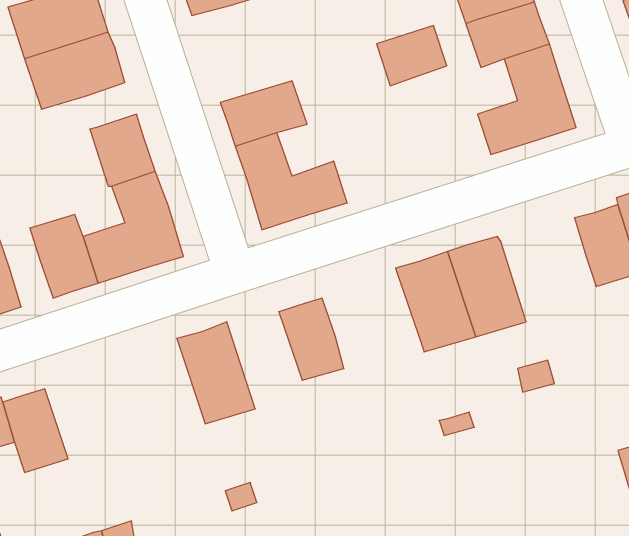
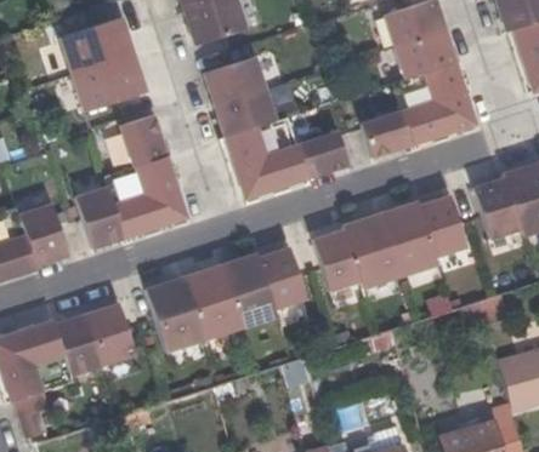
building: [377,26,447,86] -> [361,114,412,158]
building: none -> [205,57,267,105]
building: none -> [297,135,348,178]
building: none -> [419,196,465,256]
building: none -> [313,229,361,290]
building: none -> [220,252,277,327]
building: none -> [148,276,204,350]
building: none -> [87,303,136,364]

